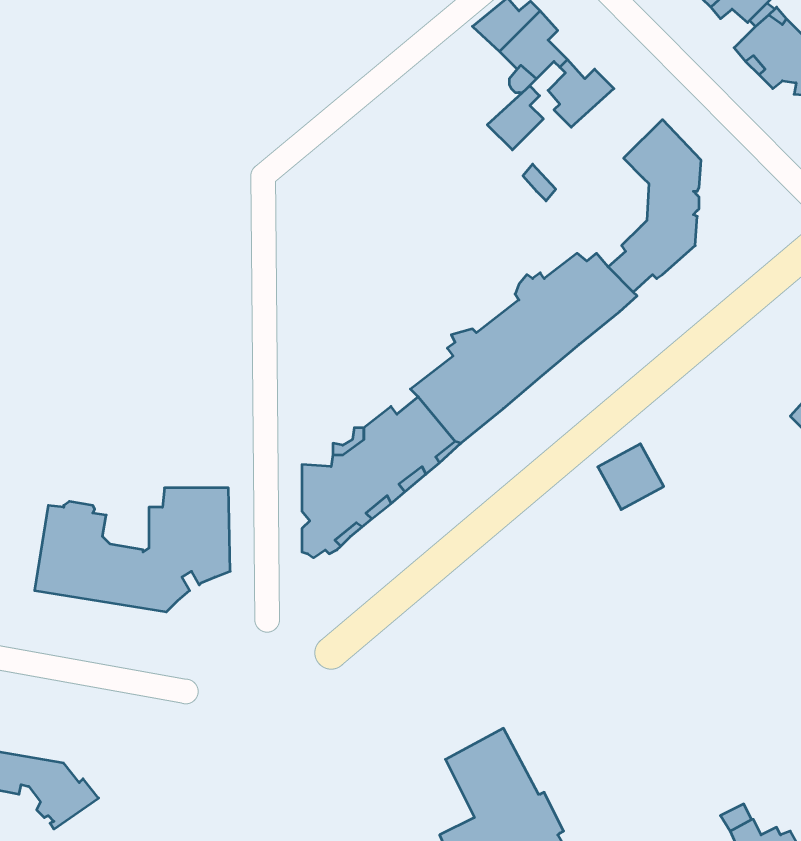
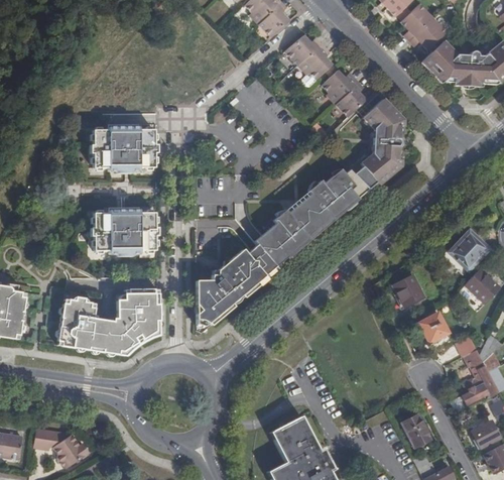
building: [487,86,543,150] -> [336,83,365,116]
building: none -> [89,125,156,170]
building: none -> [89,210,157,253]
building: [598,444,664,510] -> [391,273,425,308]
building: none -> [417,310,448,342]
building: none -> [402,415,429,448]

